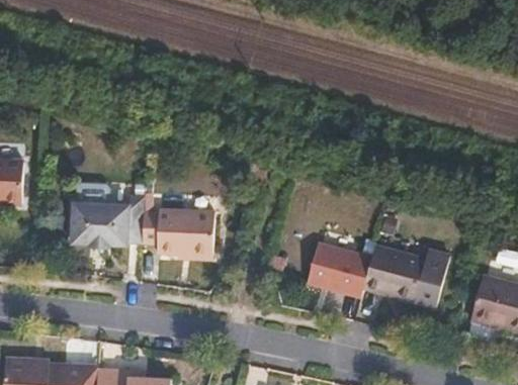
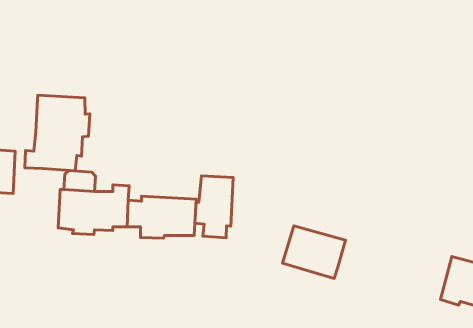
building: none -> [25,95,90,171]
building: none -> [195,176,233,238]
building: [364,243,451,305] -> none

